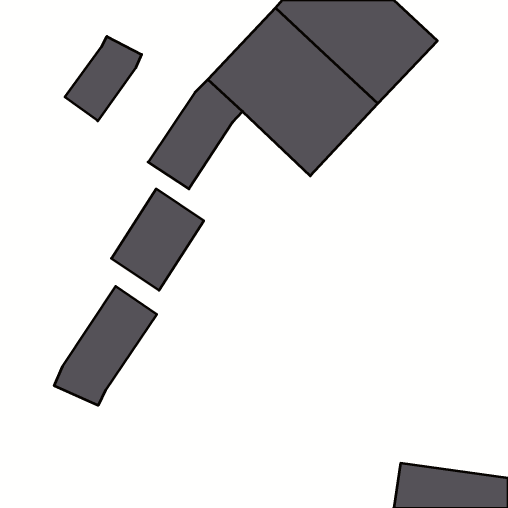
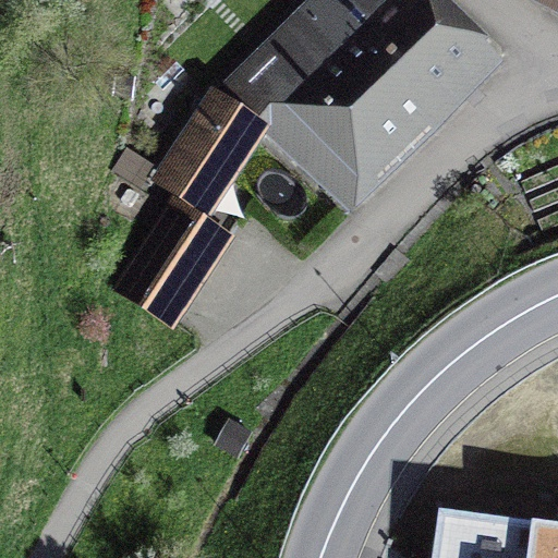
building: [65,36,142,121] -> none
building: [54,286,157,405] -> none

